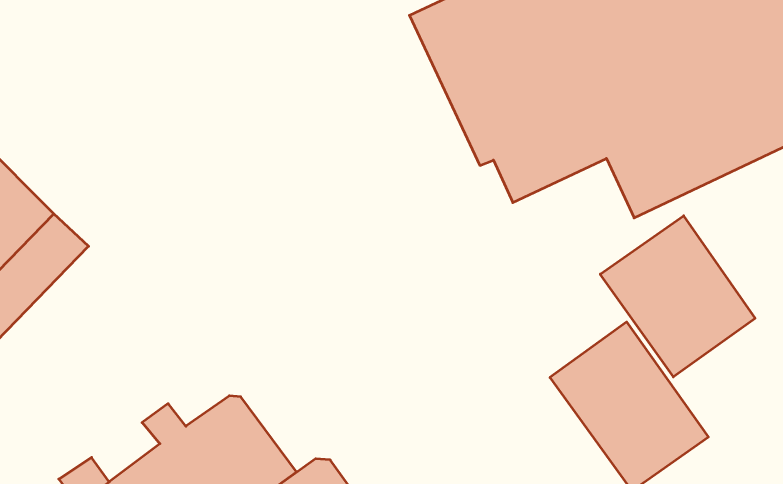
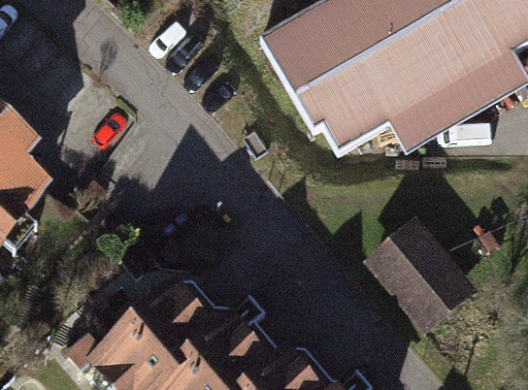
building: [600,216,755,377] -> none

